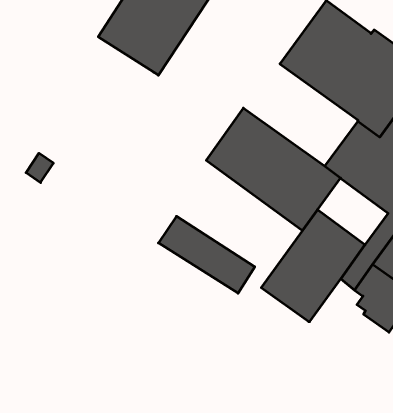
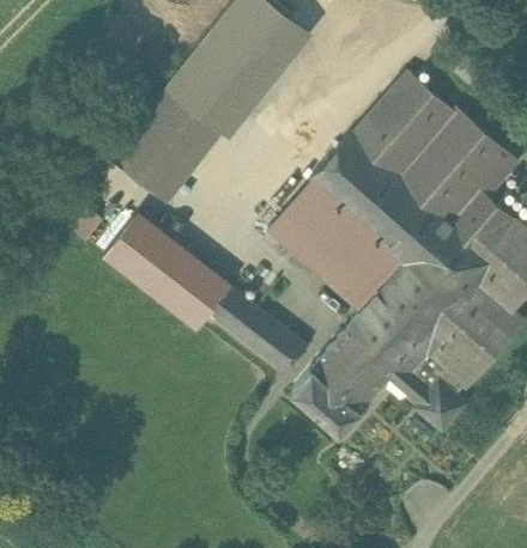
building: none -> [113,90,220,200]
building: none -> [311,134,431,249]
building: none -> [105,214,231,328]
building: none -> [380,263,454,336]
building: none -> [293,370,361,434]

